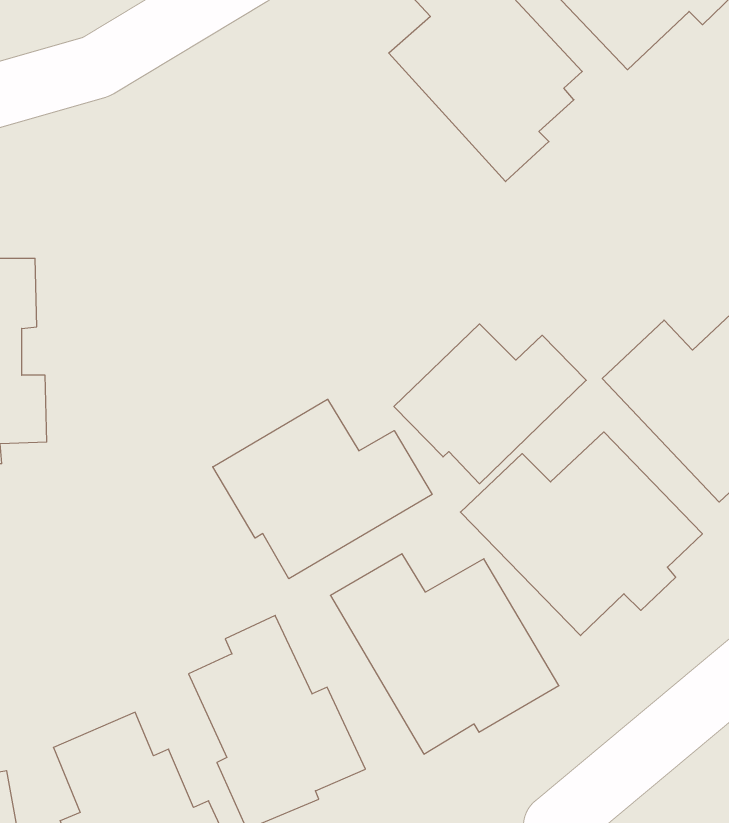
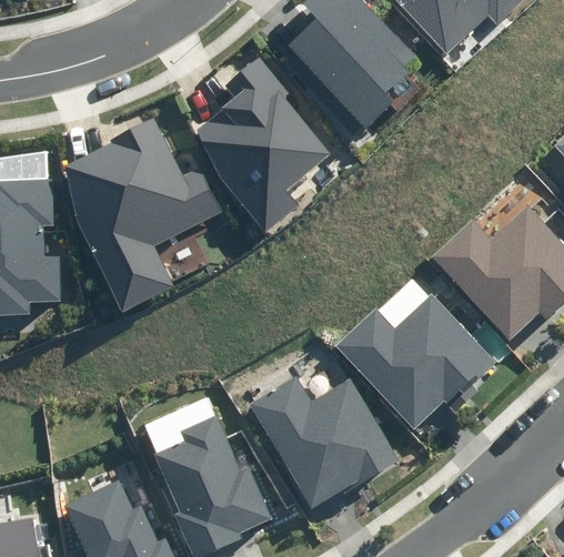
building: none -> [189,55,331,231]
building: none -> [63,117,221,311]
building: [394,324,586,484] -> none
building: [213,399,432,579] -> none

